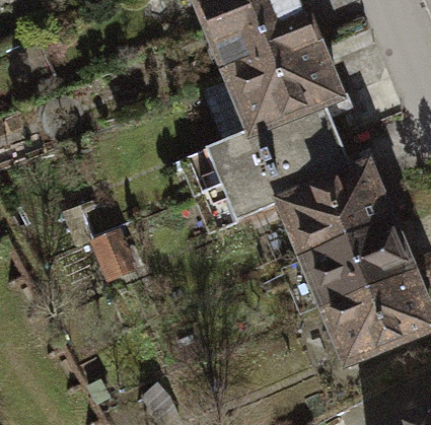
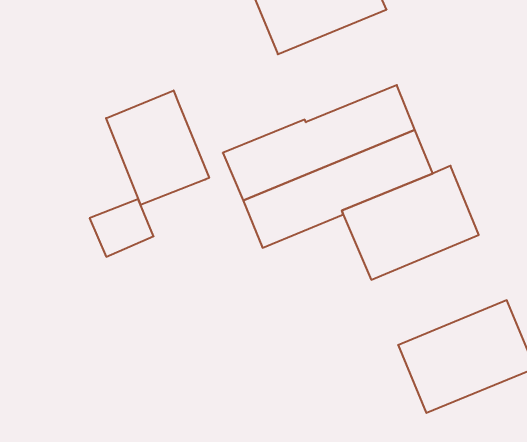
building: [231,44,340,133] -> none
building: none -> [106,90,209,205]
building: [305,222,413,309] -> none

